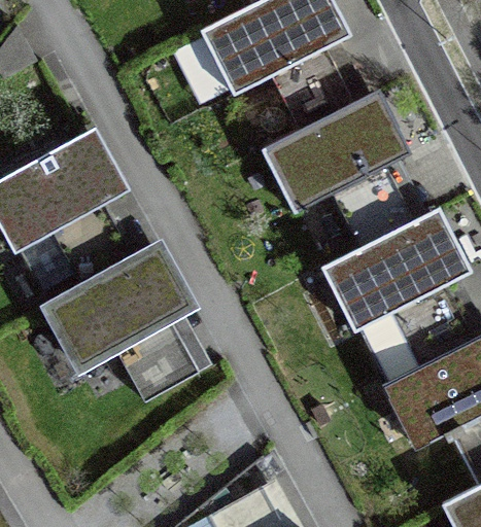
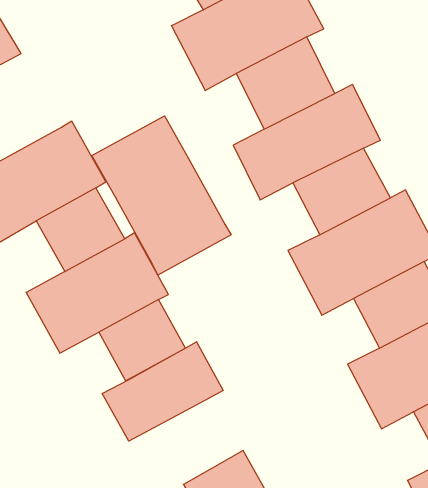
building: none -> [92,116,231,275]
building: none -> [102,342,223,441]

